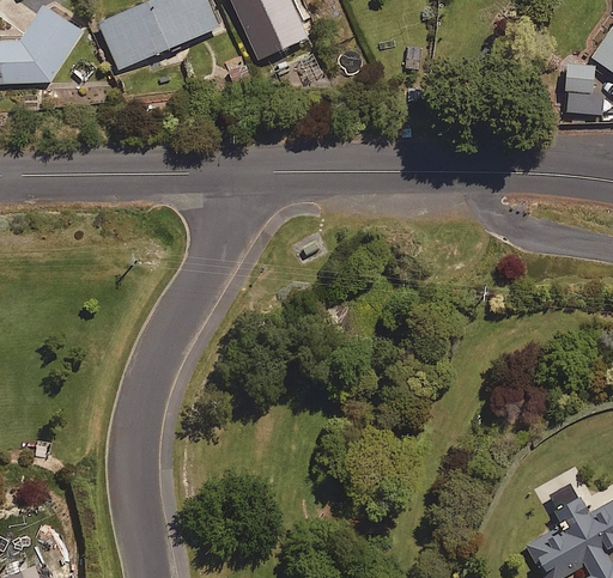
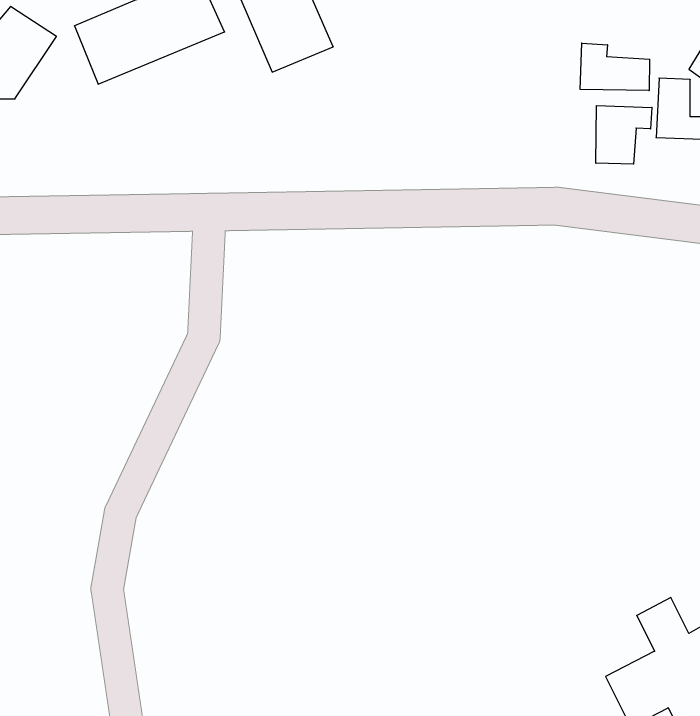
building: none -> [580,43,650,91]
building: none -> [596,106,652,164]

